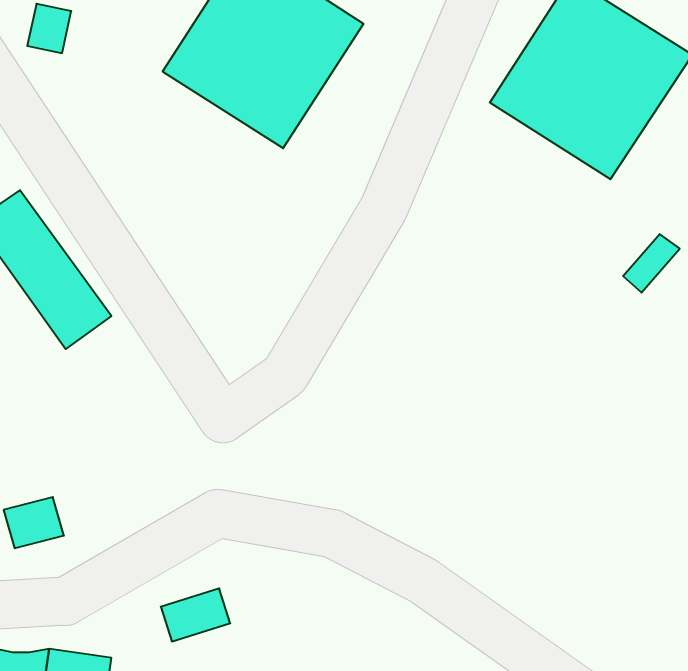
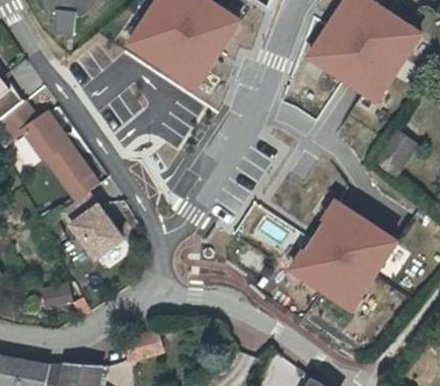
building: none -> [63,189,123,255]
building: none -> [292,199,404,311]

